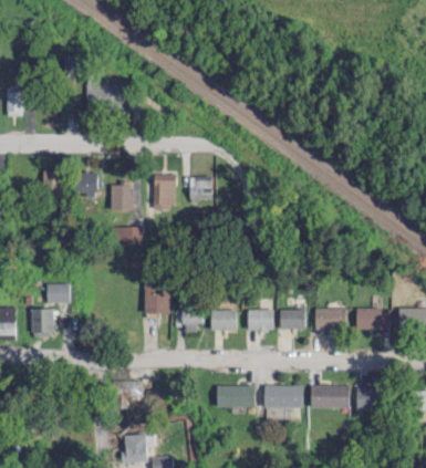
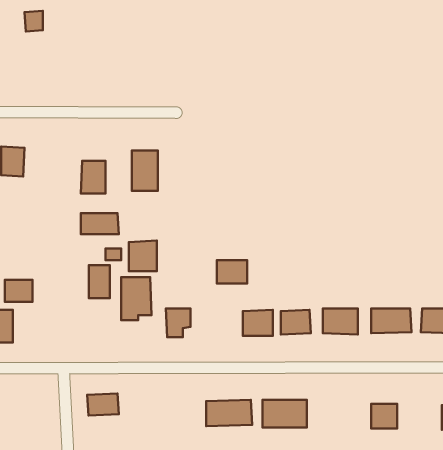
building: [86,84,137,112] -> none
building: [76,173,97,198] -> none
building: [189,176,211,199] -> none
building: none -> [129,241,157,271]
building: none -> [89,265,110,298]
building: [211,310,237,330] -> [217,260,247,284]
building: [311,385,349,408] -> none

